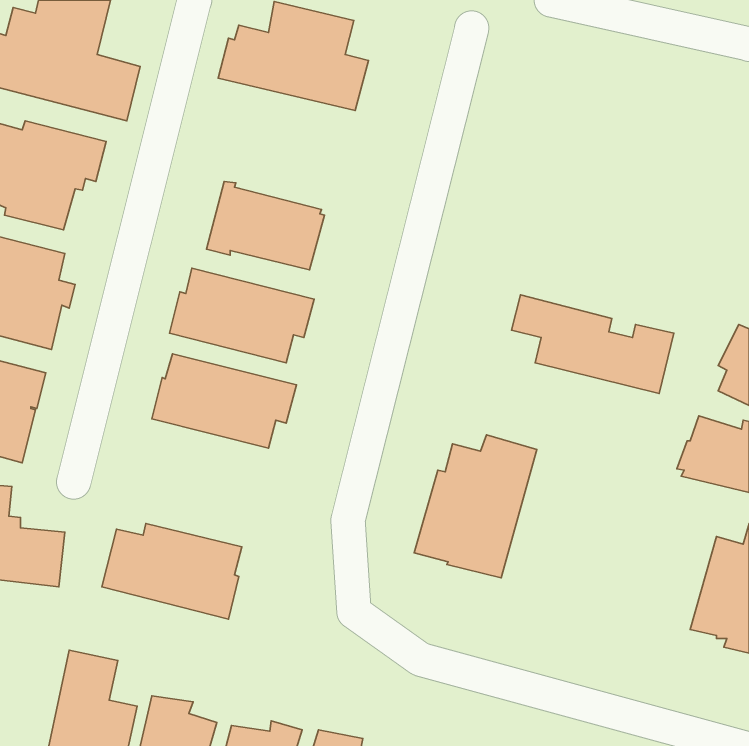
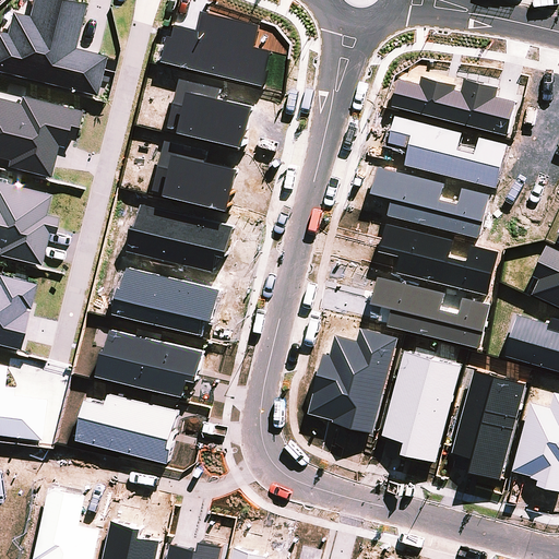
building: none -> [169,78,259,142]
building: none -> [391,78,515,135]
building: none -> [388,116,508,190]
building: none -> [370,166,490,239]
building: none -> [371,277,490,349]
building: none -> [96,330,203,399]
building: none -> [381,350,462,463]
building: none -> [452,370,525,479]

